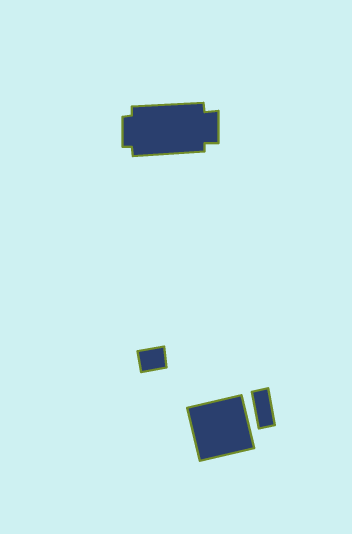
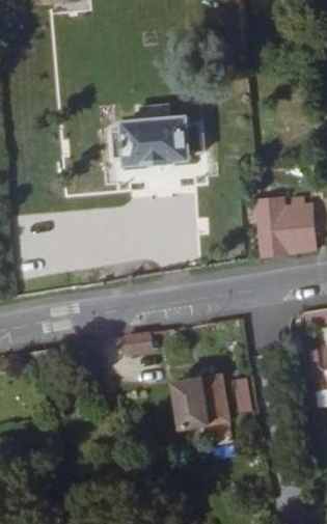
building: none -> [253,204,306,258]

